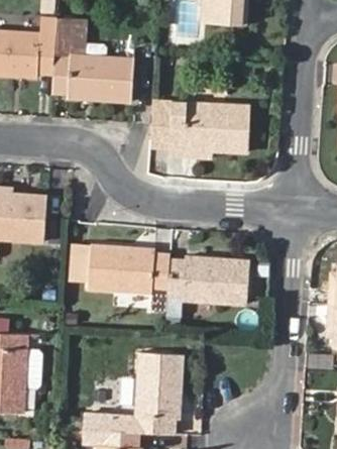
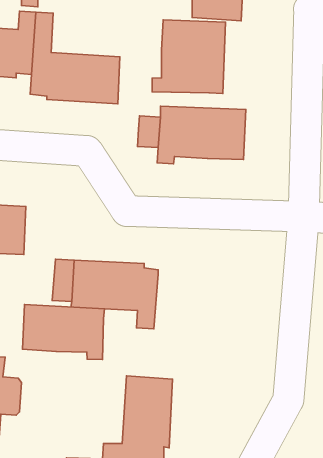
building: none -> [152,20,226,94]
building: [165,256,250,316] -> none
building: none -> [22,305,104,360]

